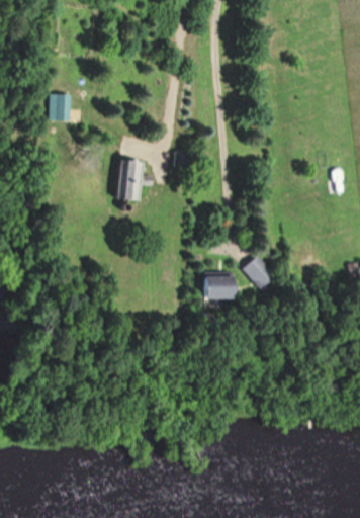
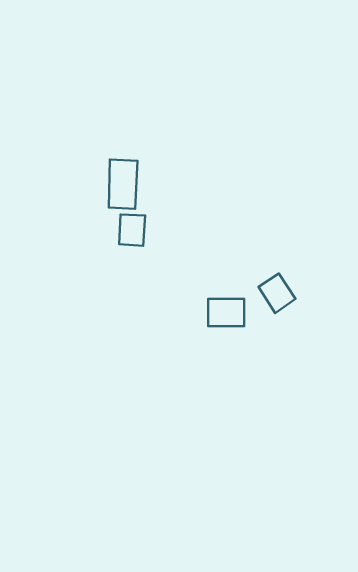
building: [50,94,71,120] -> none
building: none -> [119,215,145,246]

